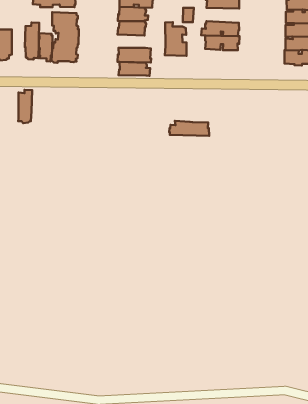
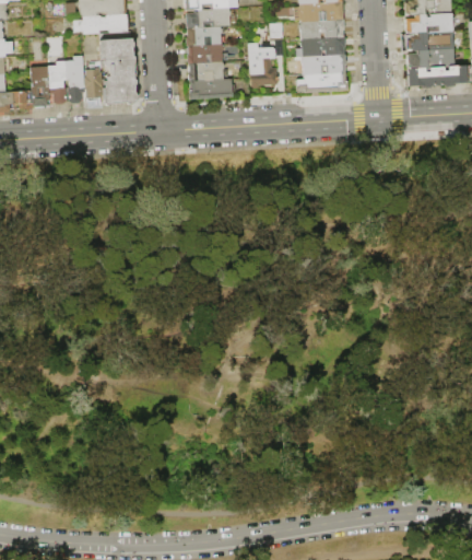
building: none -> [299,18,343,37]
building: [119,62,150,76] -> [188,61,228,80]
building: [18,90,32,123] -> [48,60,67,104]
building: [169,121,209,136] -> [296,72,349,92]

